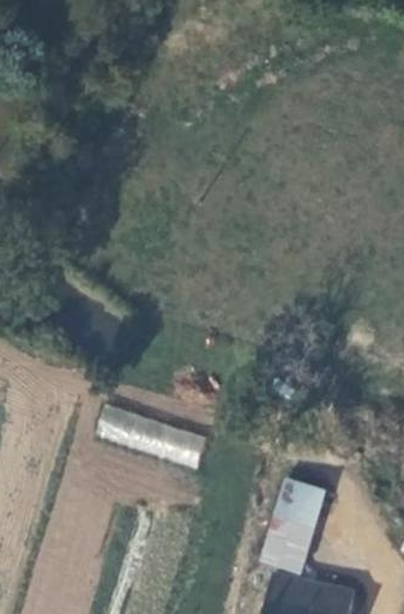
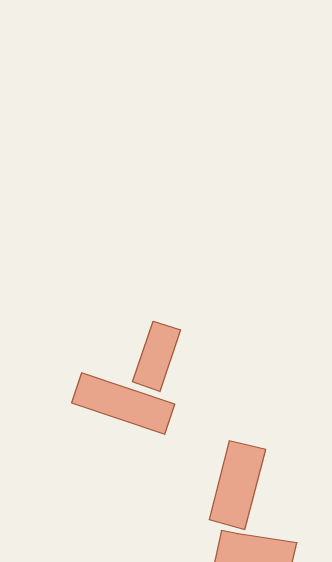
building: none -> [132,321,181,392]

